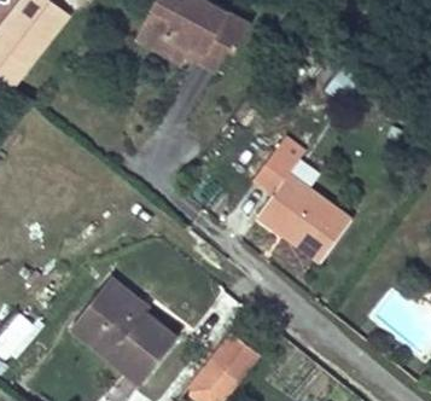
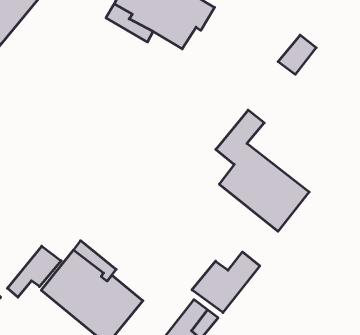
building: none -> [7,246,61,297]
building: none -> [192,252,260,313]

